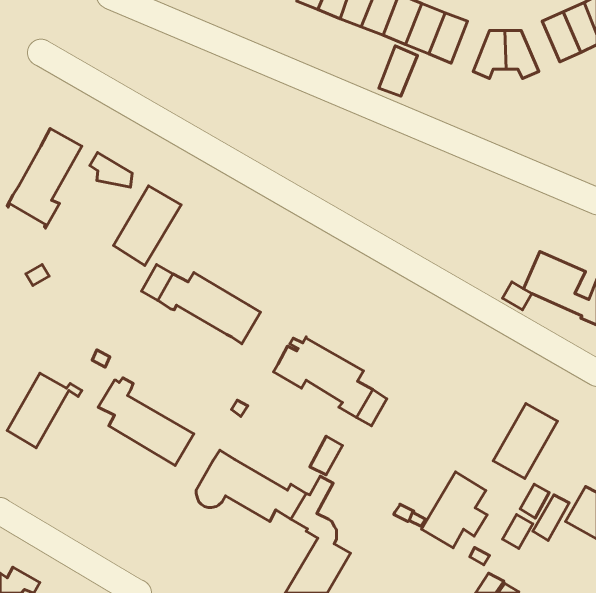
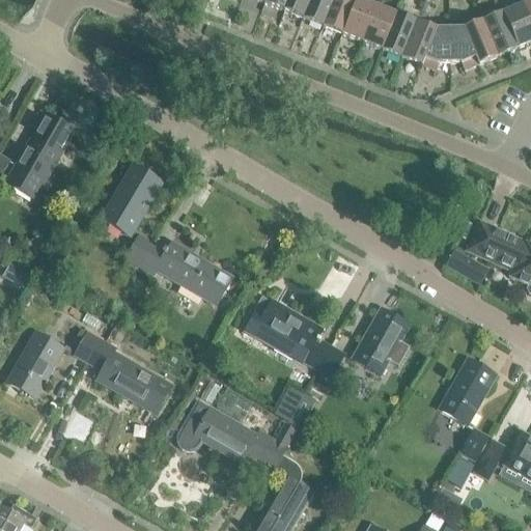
building: none -> [464,19,498,63]
building: [379,46,417,96] -> [401,19,436,63]
building: [90,153,132,187] -> none
building: none -> [75,325,105,361]
building: [422,472,487,548] -> [352,307,410,374]

